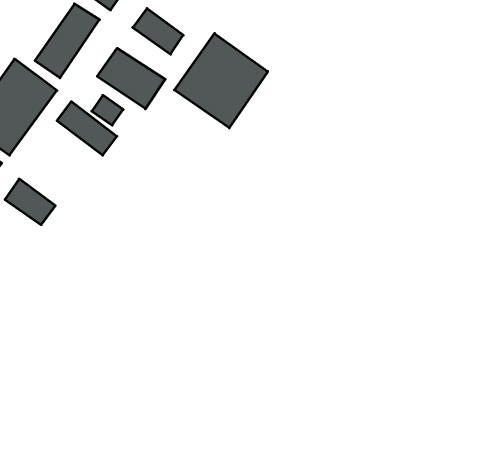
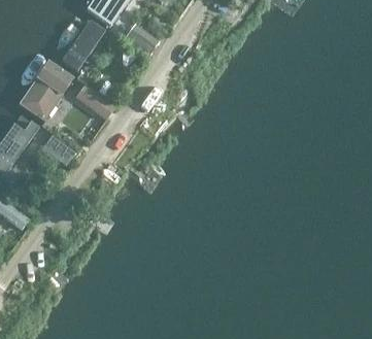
building: [174,33,268,128] -> none
building: [97,48,165,109] -> none

